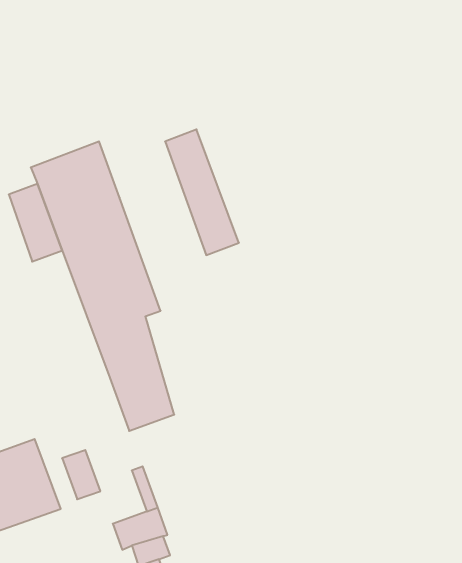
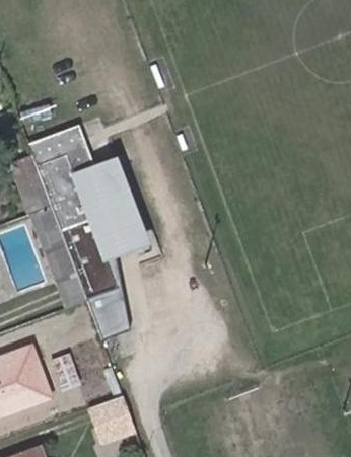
building: [165,129,239,255] -> [93,156,148,249]
building: none -> [28,205,86,307]

